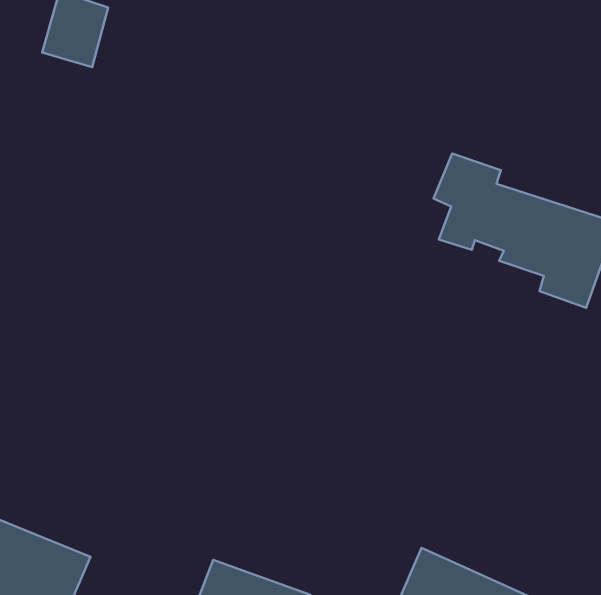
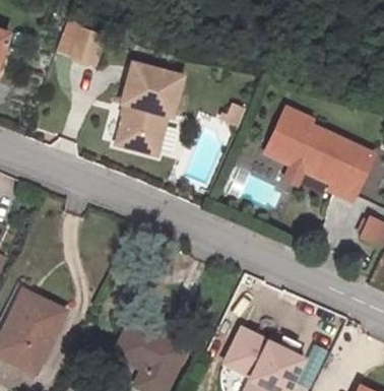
building: none -> [108,58,173,149]

